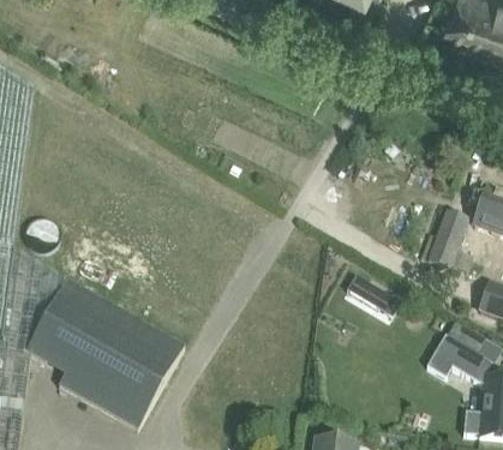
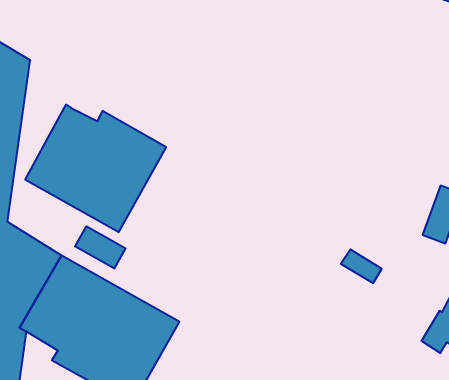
building: none -> [25,105,166,232]
building: none -> [75,226,126,269]

